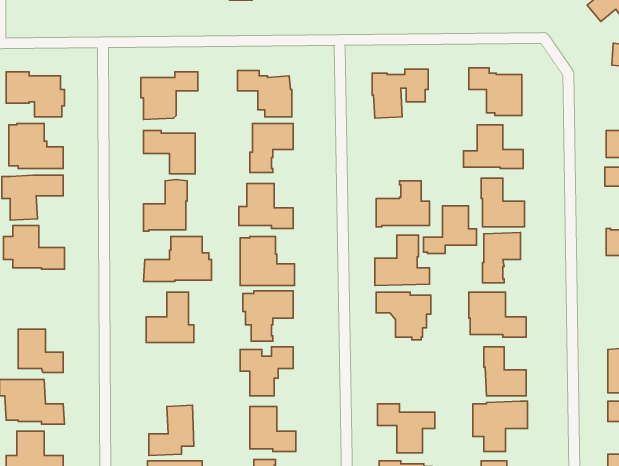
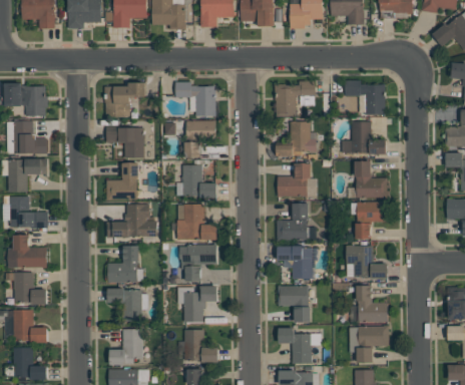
building: [423,206,477,253] -> [277,121,316,156]
building: none -> [8,235,47,268]
building: none -> [279,284,311,322]
building: none -> [107,289,142,321]

